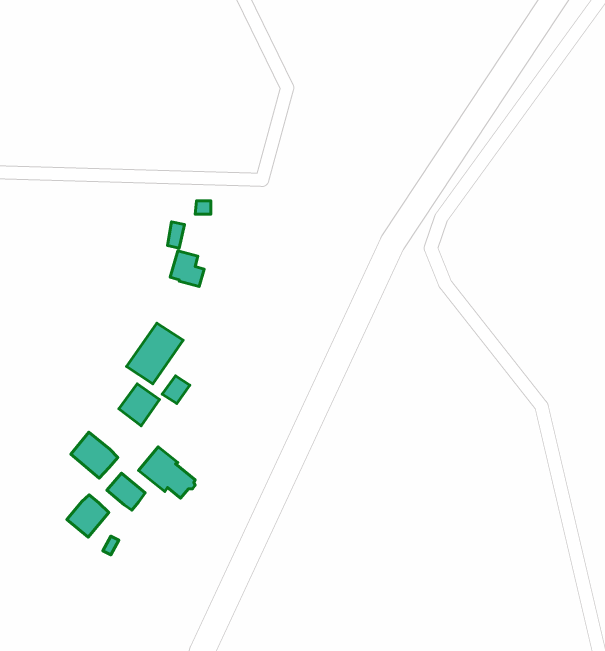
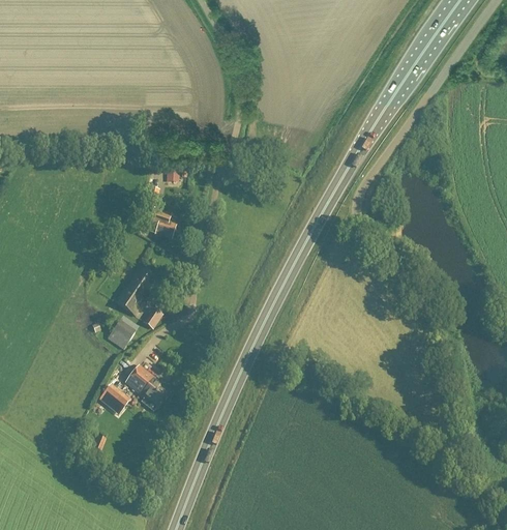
building: [71,432,118,478] -> none
building: [67,495,109,537] -> none

